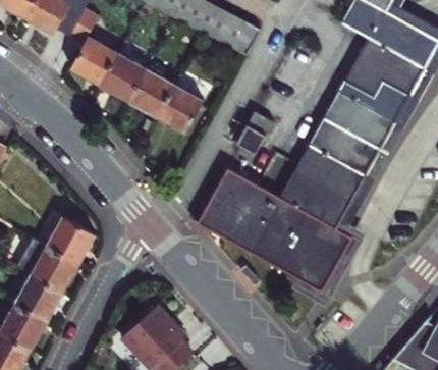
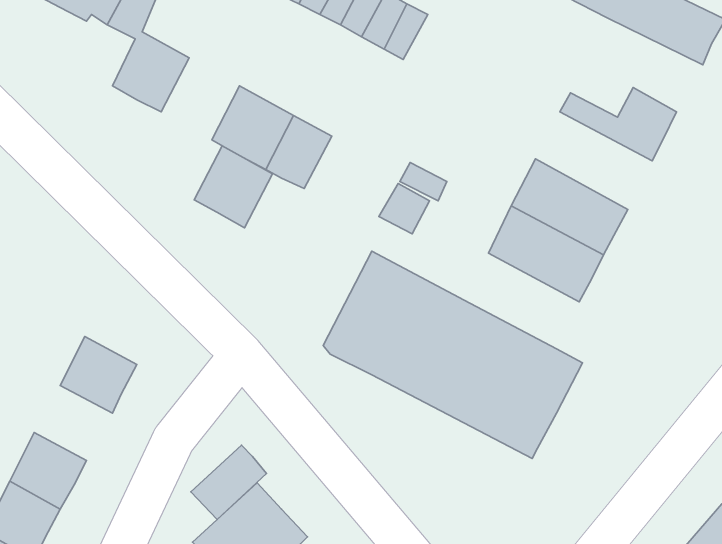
building: [343,33,421,91] -> none
building: [104,56,150,104] -> [194,146,272,228]
building: [323,88,391,145] -> none
building: [281,170,348,226] -> none
building: [30,248,75,292] -> none
building: none -> [191,445,266,520]

